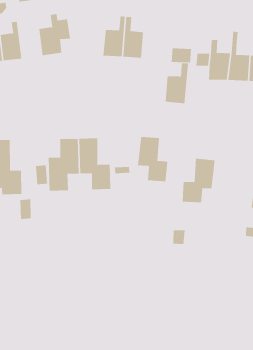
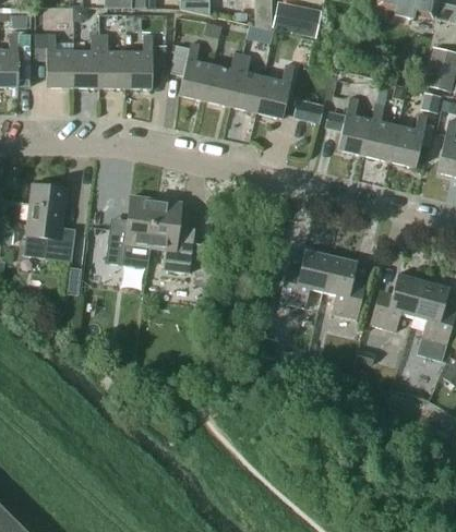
building: none -> [169,38,213,96]
building: none -> [98,34,125,84]
building: [165,63,189,104] -> [255,59,295,113]
building: [137,137,168,182] -> [322,255,363,319]

